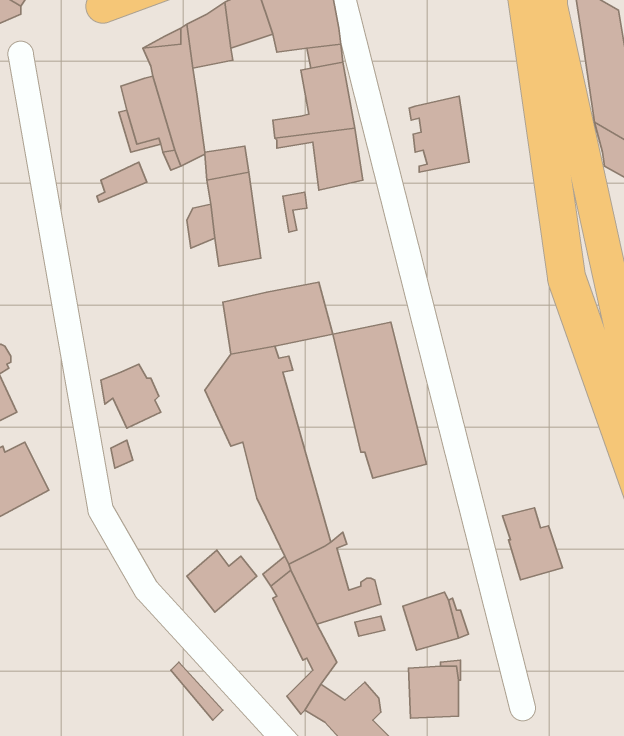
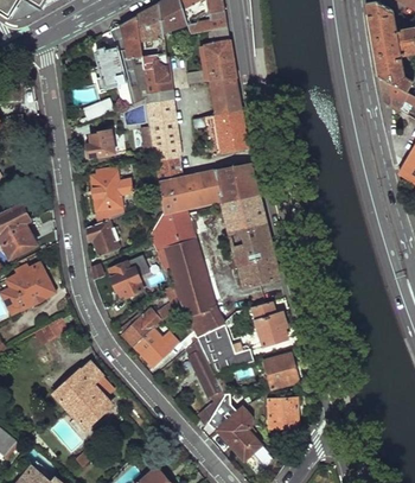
building: none -> [142,55,171,93]
building: [409,96,469,172] -> [211,109,247,154]
building: none -> [84,127,114,155]
building: none -> [155,155,184,182]
building: none -> [215,164,257,201]
building: none -> [91,167,132,223]
building: none -> [108,255,151,295]
building: [502,508,562,580] -> [253,303,288,345]
building: none -> [123,305,160,344]
building: none -> [53,362,114,427]

